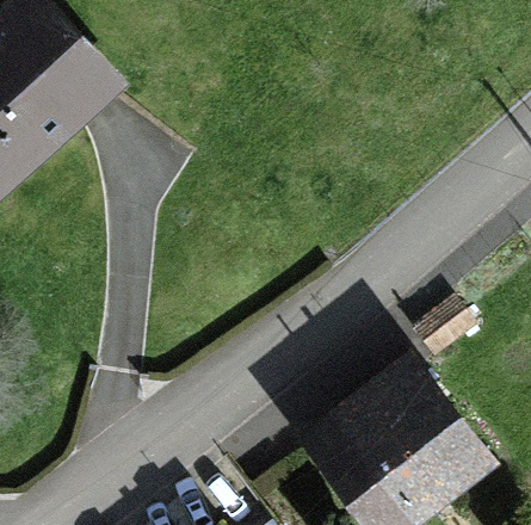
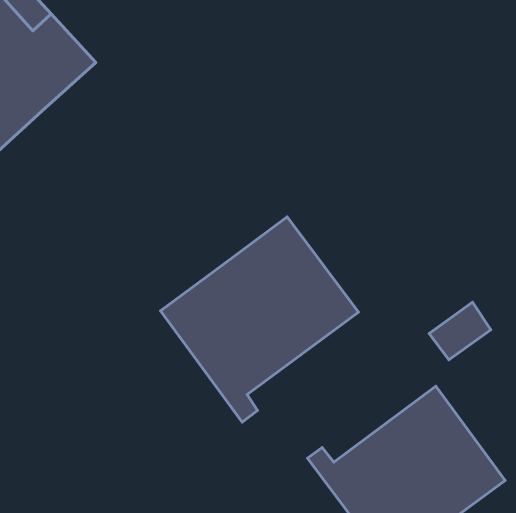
building: none -> [160,217,358,422]

